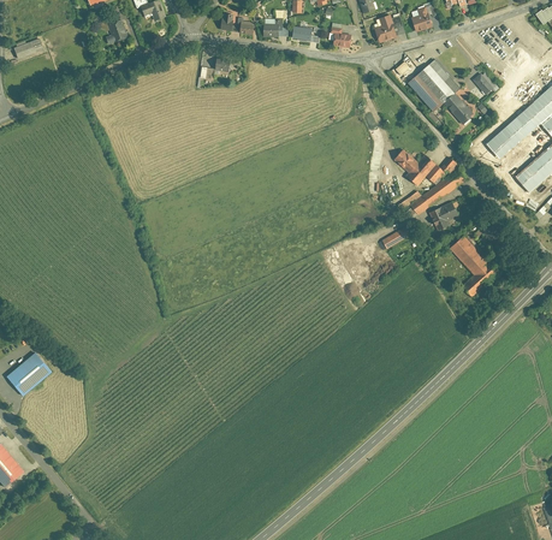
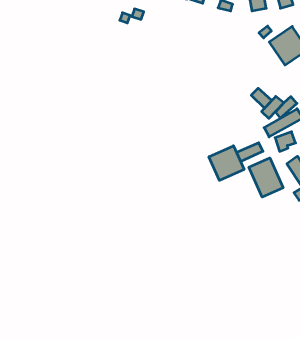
building: none -> [209,146,244,180]
building: none -> [249,158,283,197]

